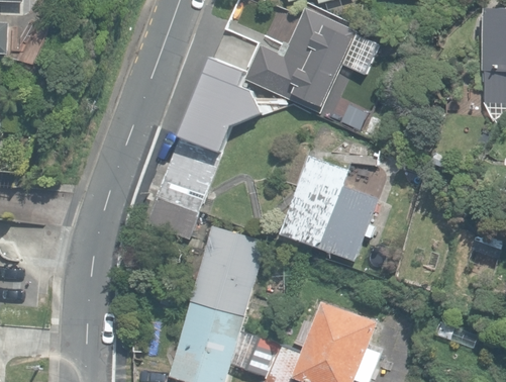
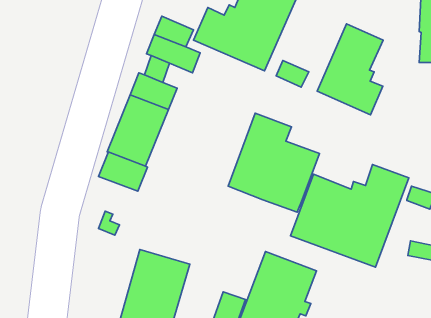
building: none -> [317,24,383,115]
building: none -> [290,165,409,267]
building: [190,225,264,315] -> none

